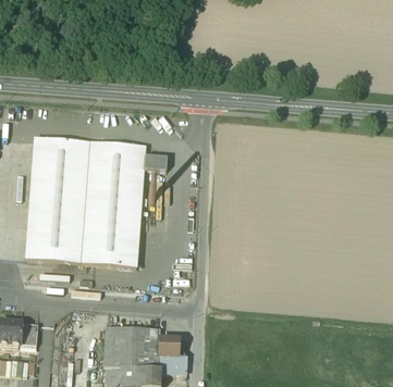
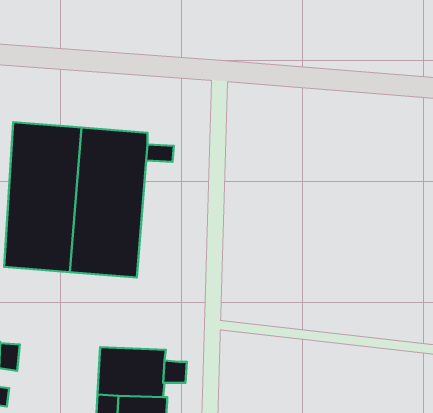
building: [158,337,187,370] -> none

